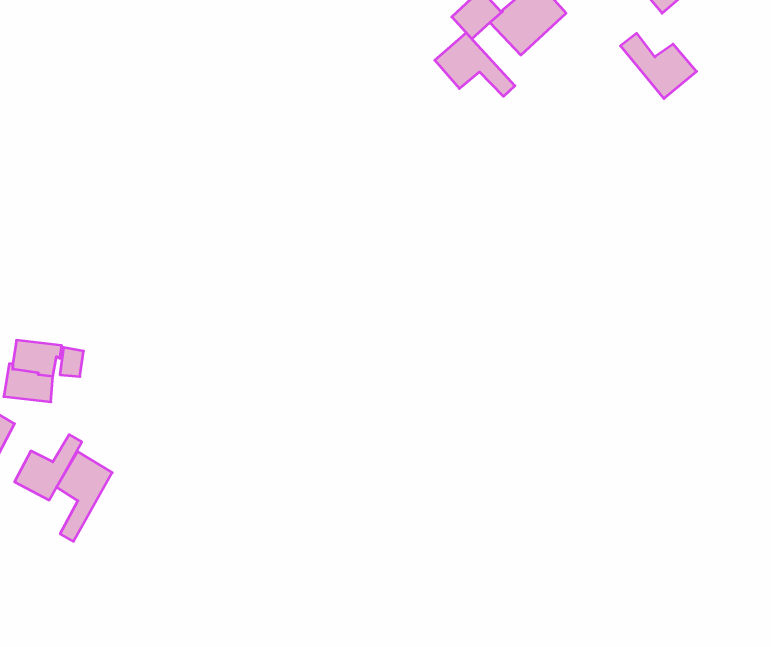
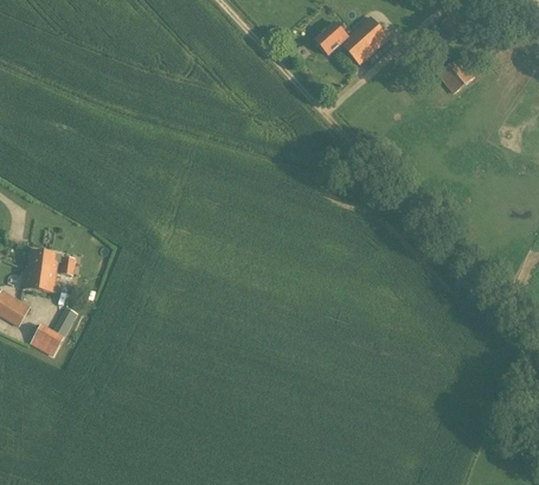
building: [435,33,515,96] -> none
building: [56,451,112,541] -> none

